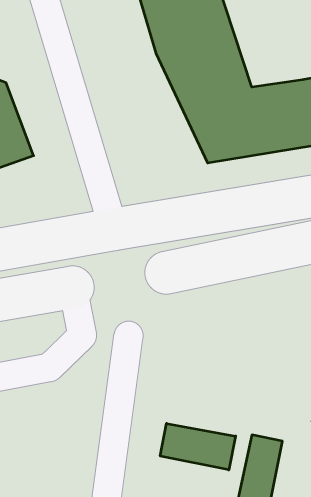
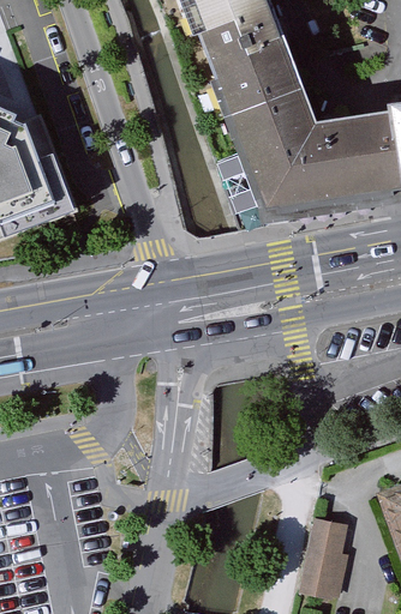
building: [160,423,236,470] -> none

